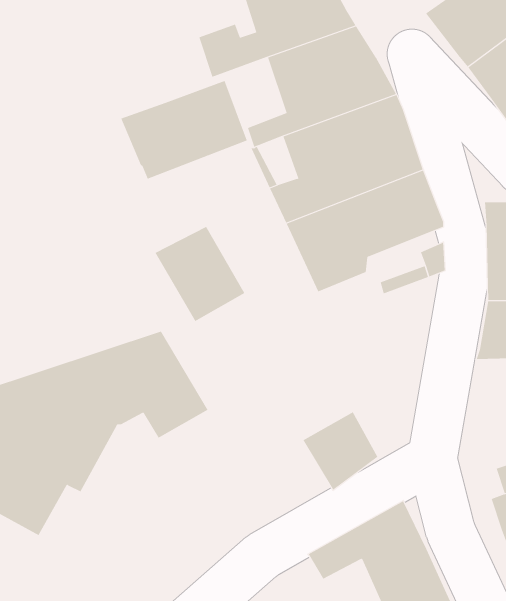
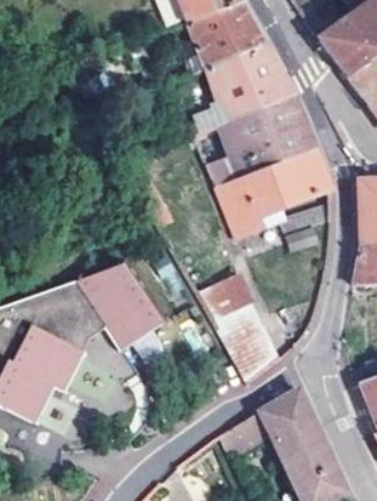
building: [121,80,248,179] -> none
building: [154,226,245,322] -> [199,275,264,345]

